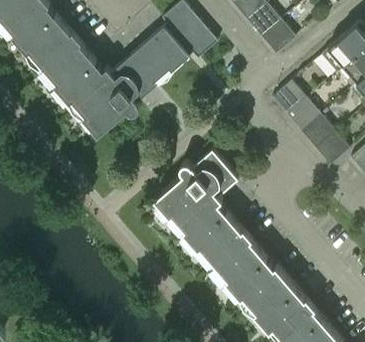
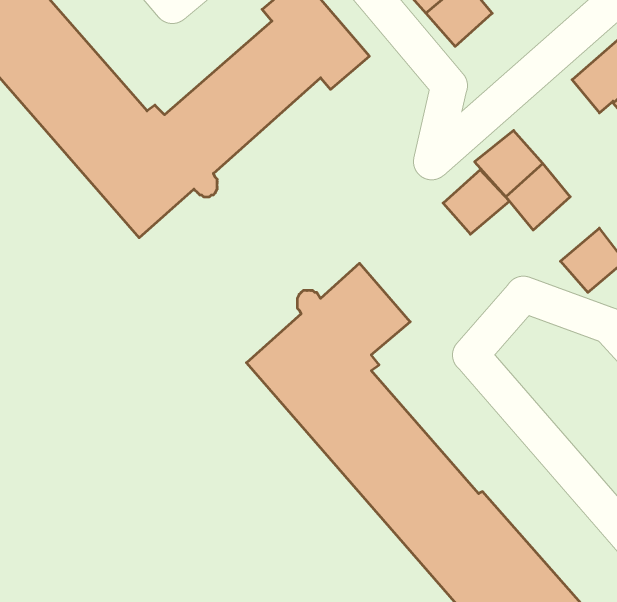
building: [261,21,296,54] -> none
building: [302,116,336,149] -> [443,170,509,234]

